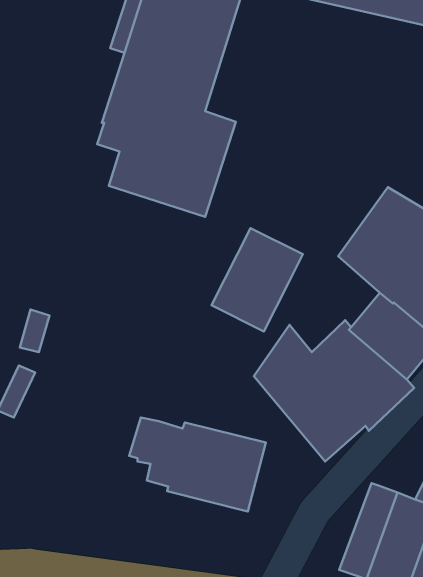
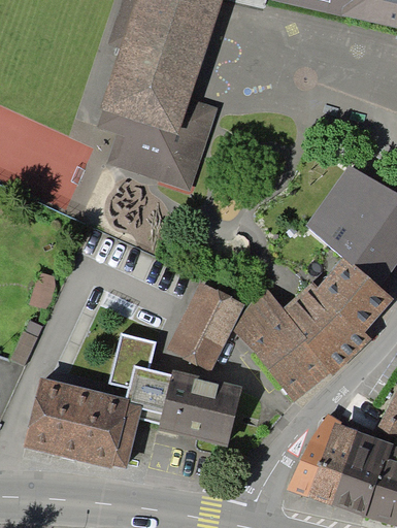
building: [211,228,303,331] -> [166,280,245,370]
building: none -> [109,332,157,387]
building: none -> [23,376,143,468]
building: none -> [287,412,342,496]

